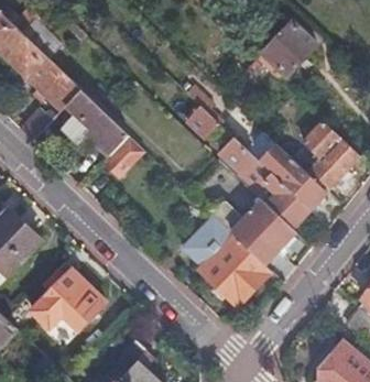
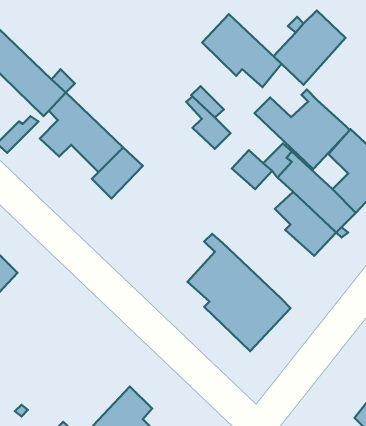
building: none -> [202,14,282,87]
building: [213,196,293,263] -> [255,90,350,169]
building: [32,270,106,330] -> none

